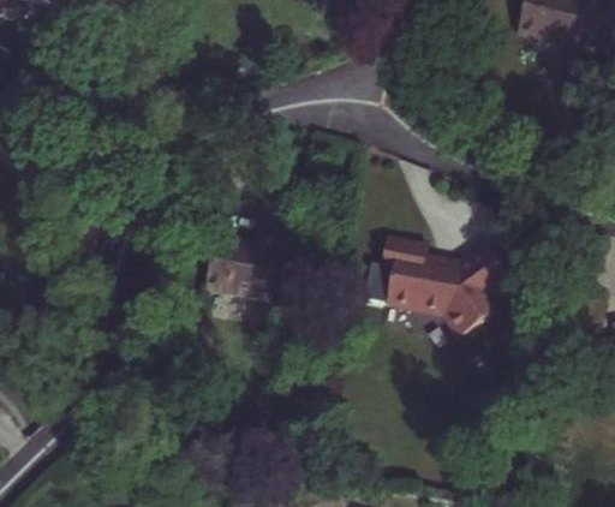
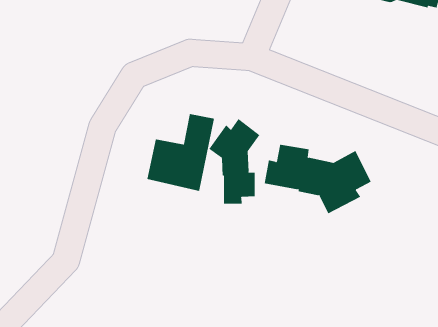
building: none -> [209,118,260,205]

